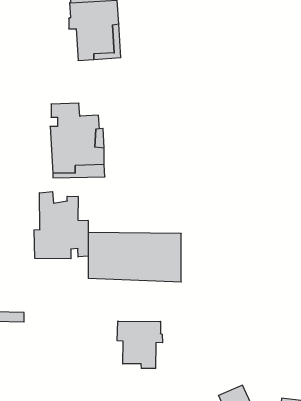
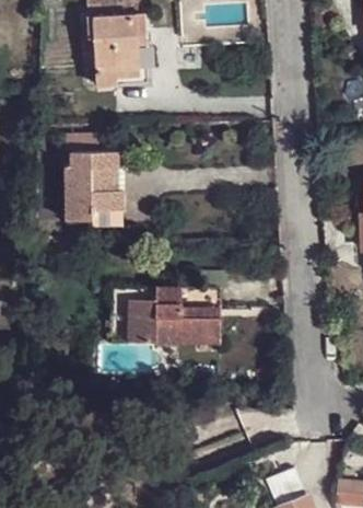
building: [34,192,88,259] -> none
building: [117,321,163,368] -> none

